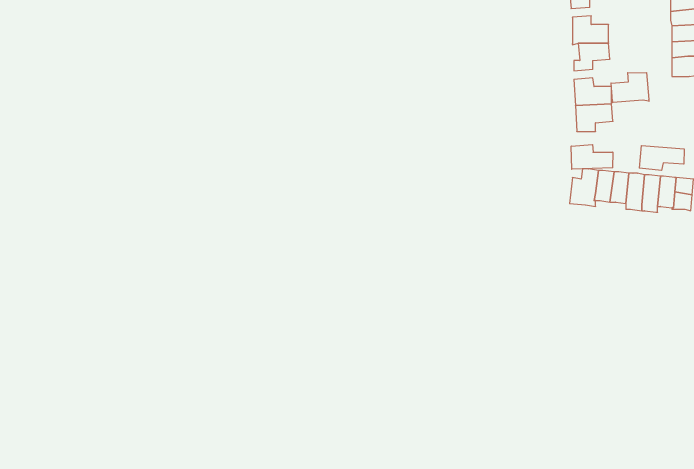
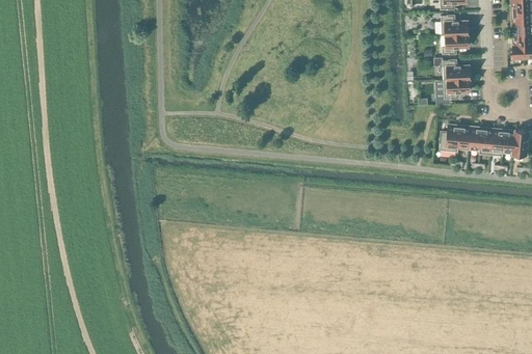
building: [611,73,649,103] -> none
building: [571,145,613,169] -> none
building: [639,146,684,170] -> none

